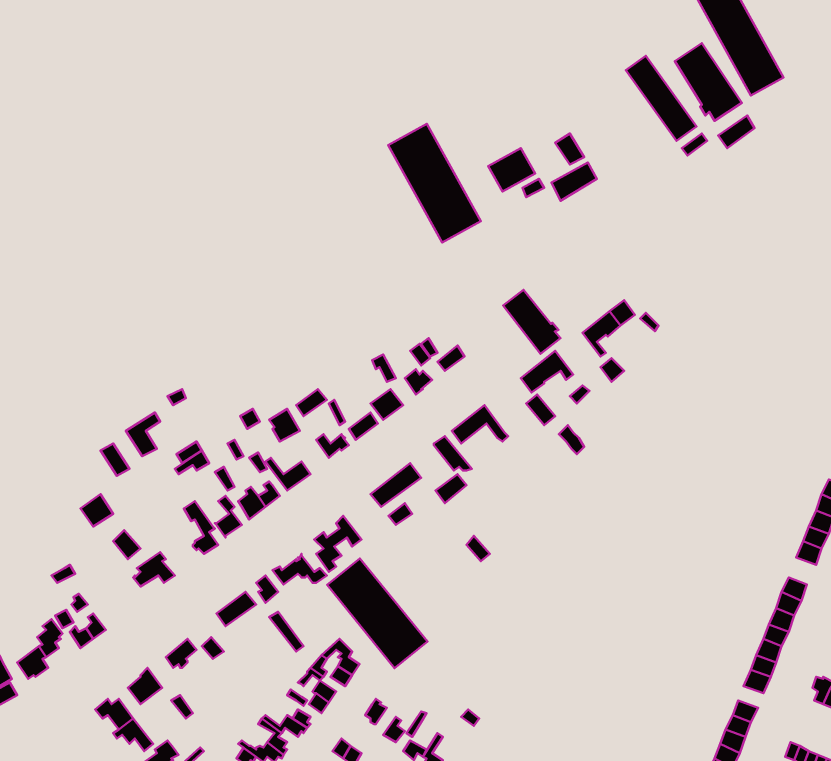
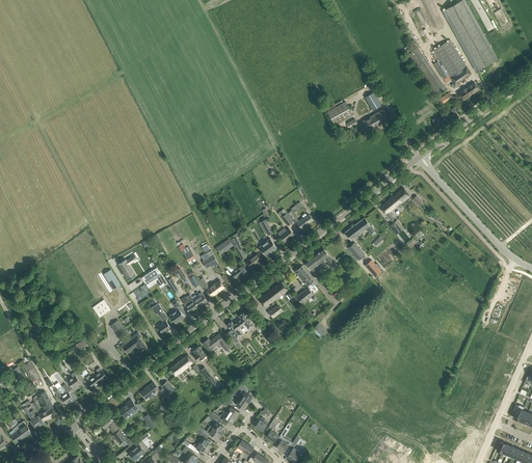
building: [388,124,481,242] -> none
building: [503,290,561,354] -> none
building: [327,558,427,668] -> none

